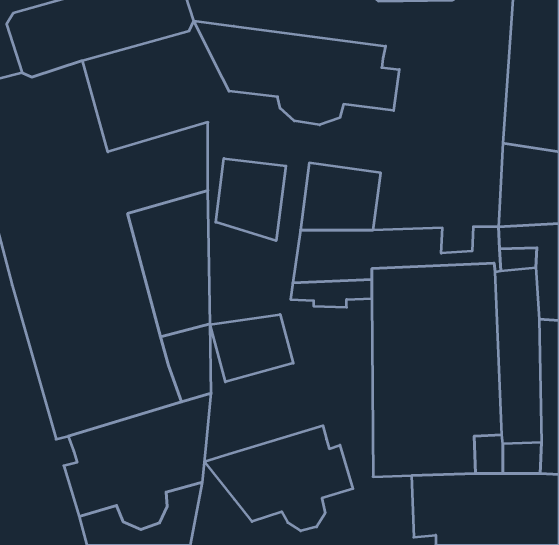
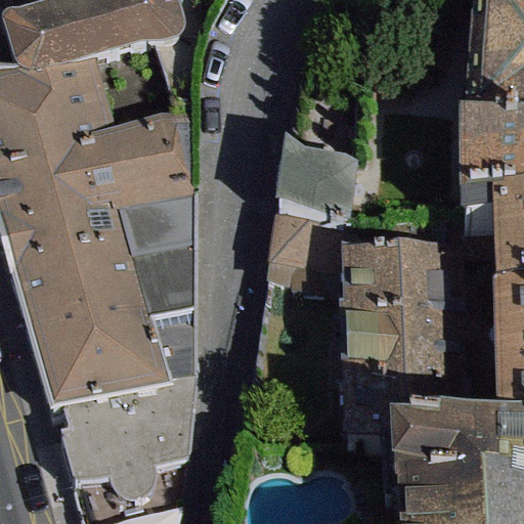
building: [194,21,399,125] -> none
building: [216,158,286,241] -> none
building: [210,314,293,382] -> none
building: [205,426,353,531] -> none

